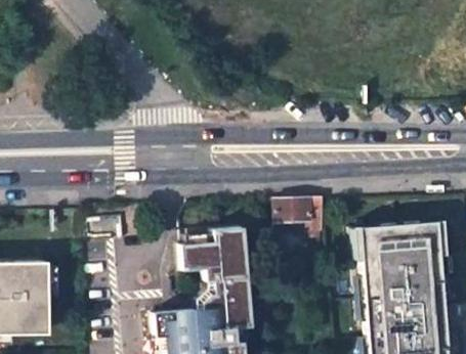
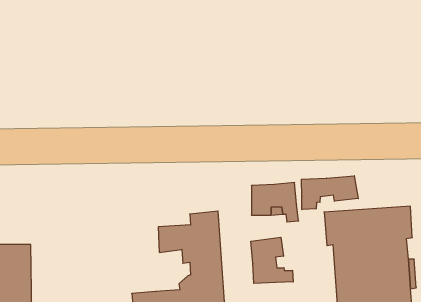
building: none -> [301,176,358,210]
building: none -> [251,237,293,283]

